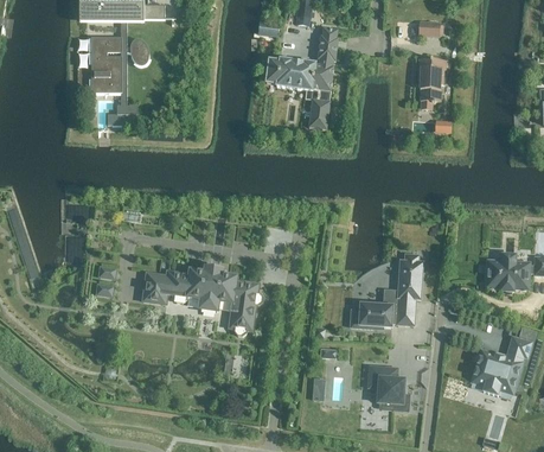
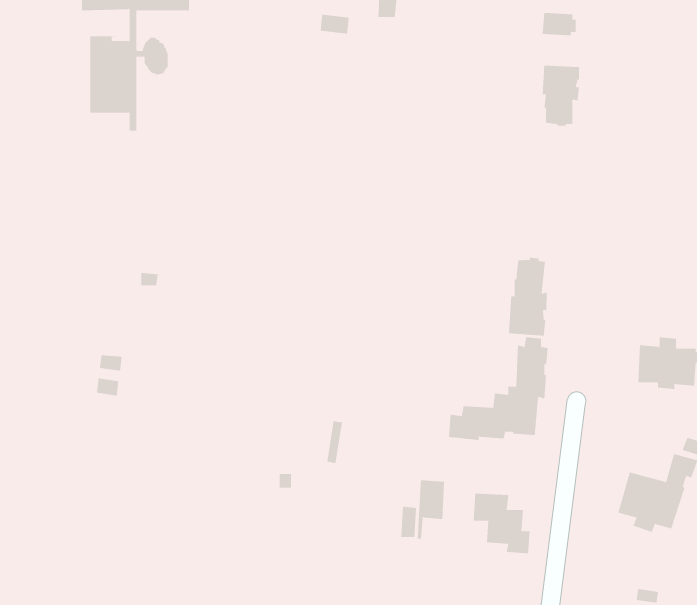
building: [258,26,338,128] -> none
building: none -> [508,257,547,336]
building: [142,268,263,335] -> none

